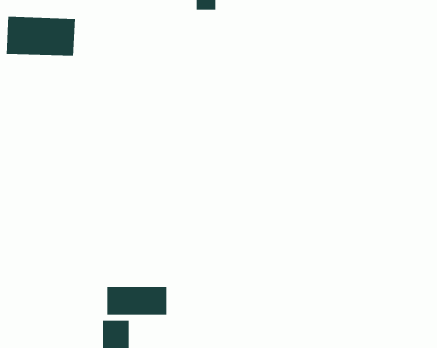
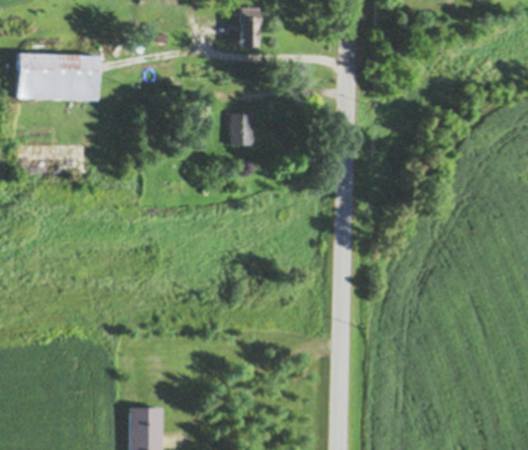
building: none -> [232,114,254,144]
building: [107,286,167,315] -> none

